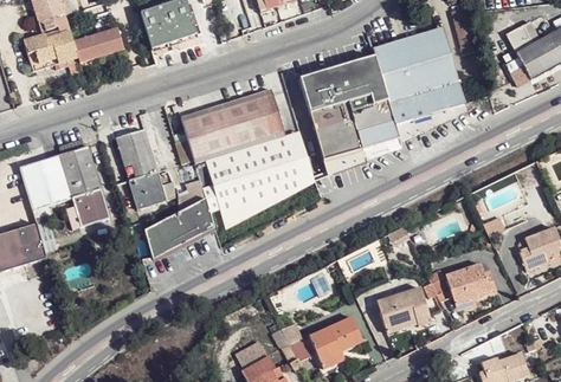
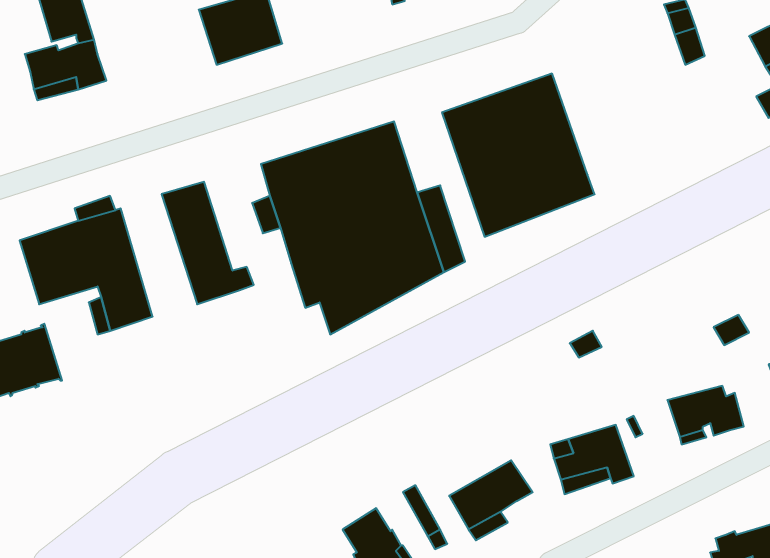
building: [373,24,469,122] -> none
building: [72,28,122,63] -> none
building: [147,181,215,264] -> none

